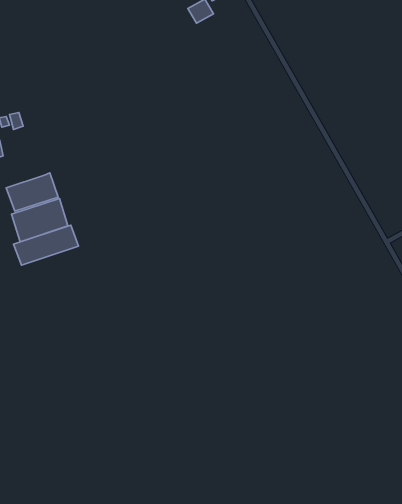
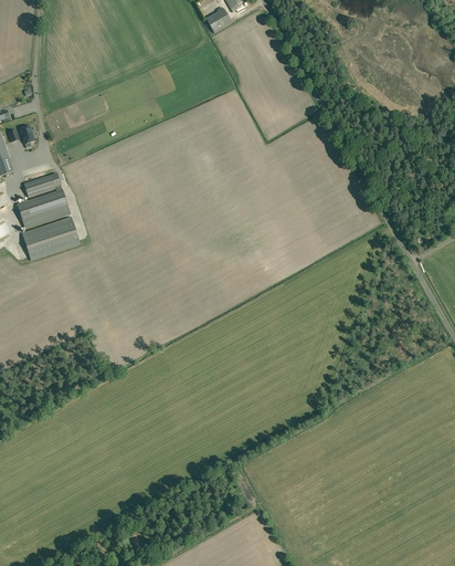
building: none -> [24,172,62,197]
building: [14,225,79,265] -> none

